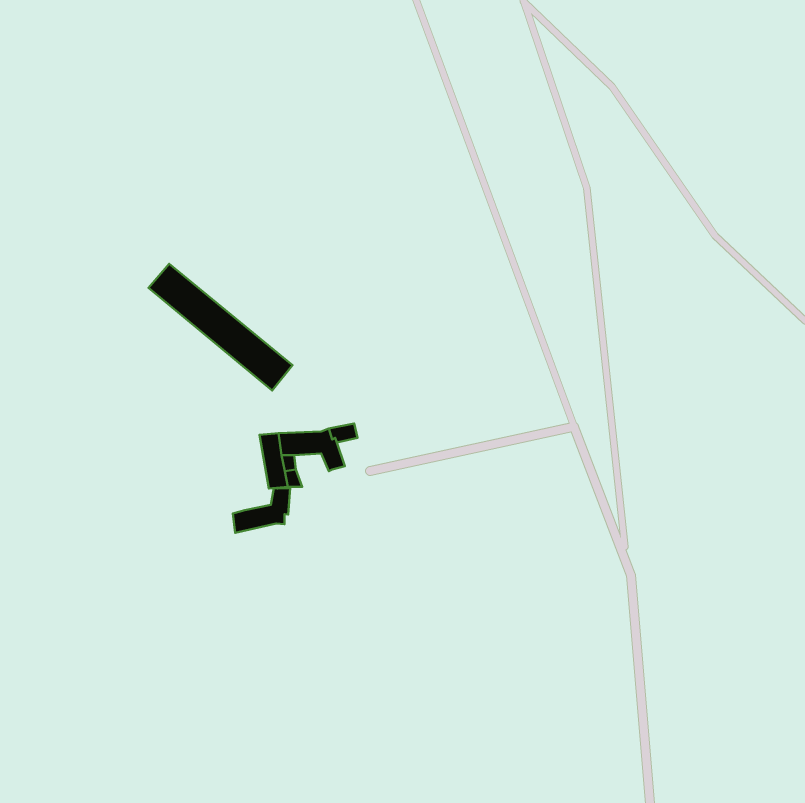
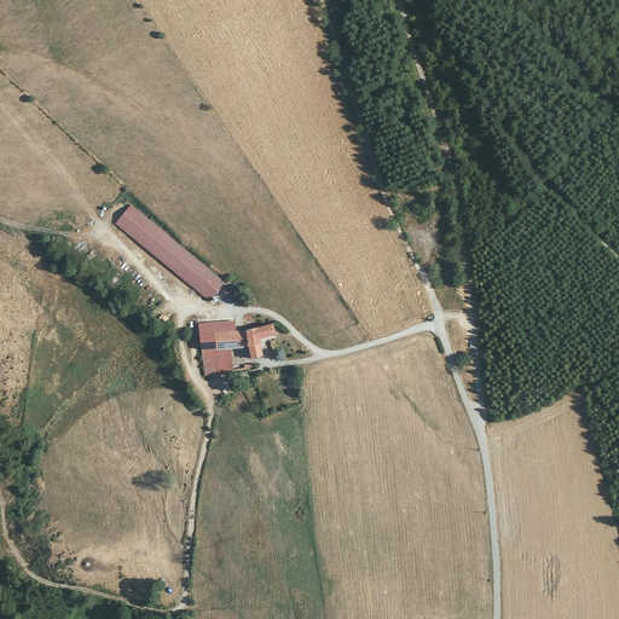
building: [233,488,290,533] -> none

